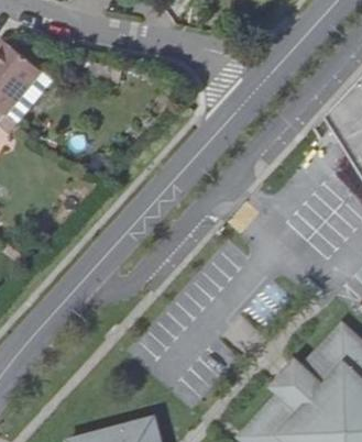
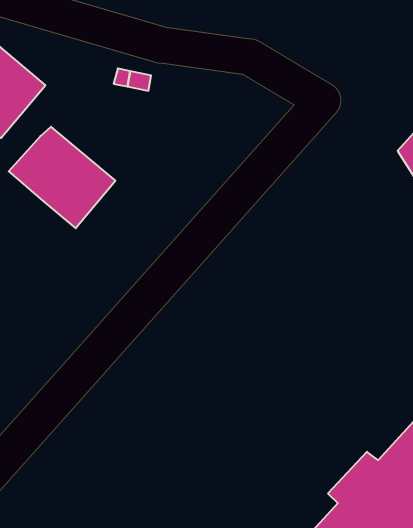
building: none -> [9,127,115,228]

